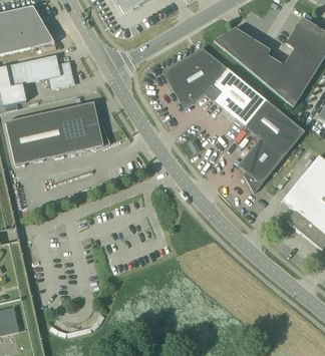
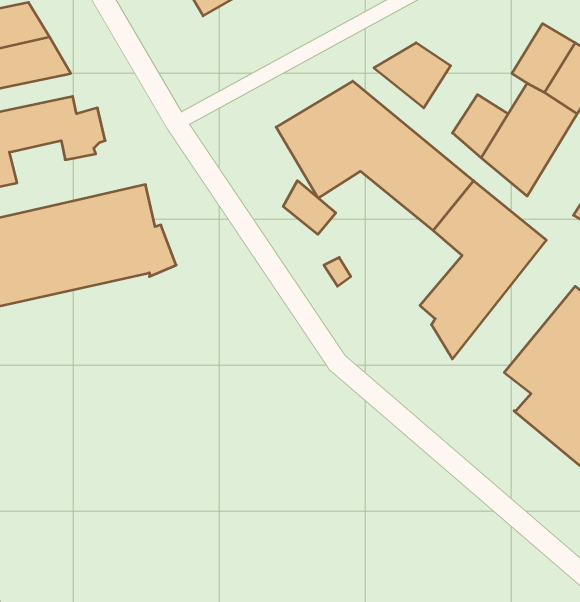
building: [240,38,271,73] -> none
building: none -> [283,181,336,234]

